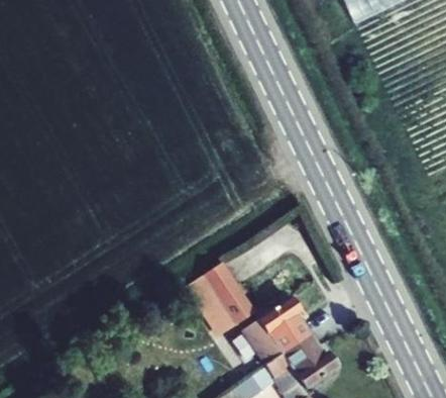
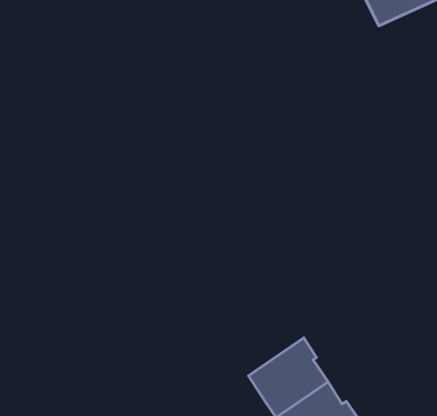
building: [186,262,253,334] -> none

